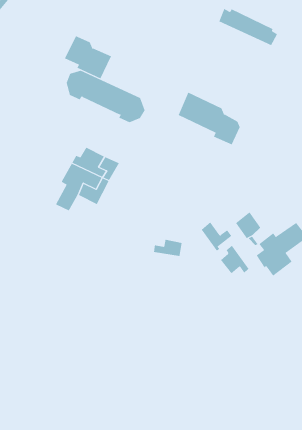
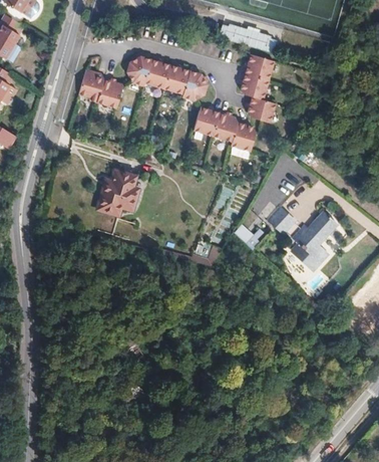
building: none -> [242,54,278,123]
building: [66,70,145,123] -> [128,57,207,99]
building: [220,245,249,274] -> none

